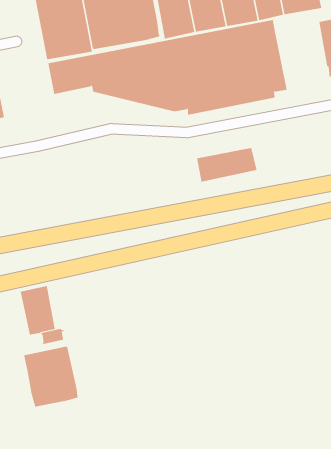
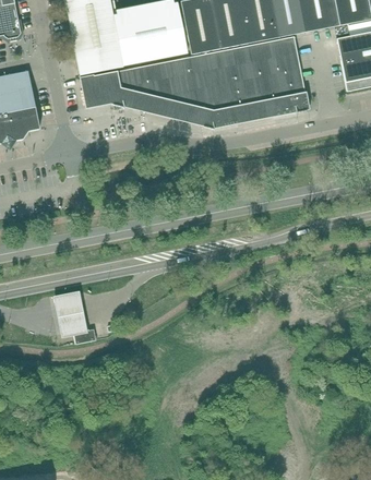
building: [196,147,257,182] -> none
building: [23,345,78,407] -> none

